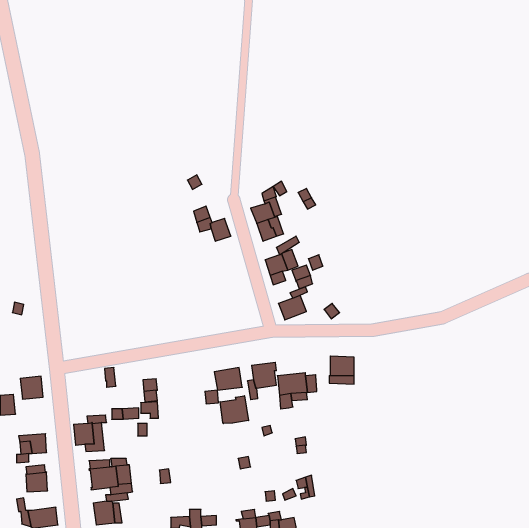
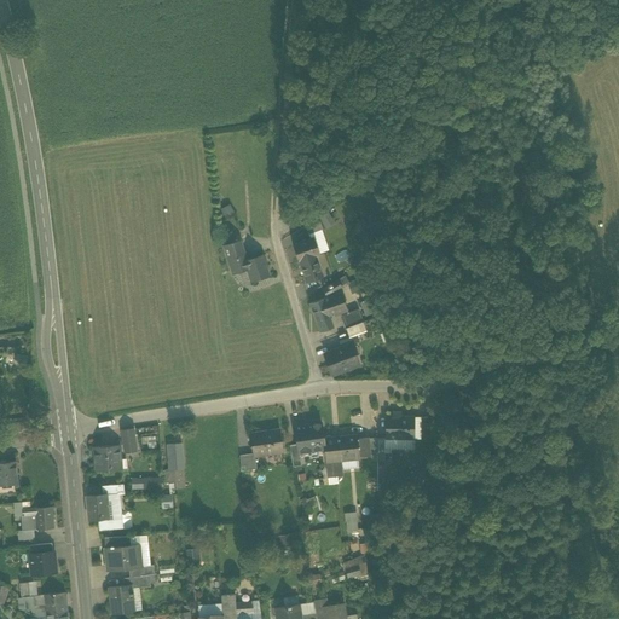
building: [20,376,43,399] -> [94,446,121,473]
building: [220,396,249,424] -> none

